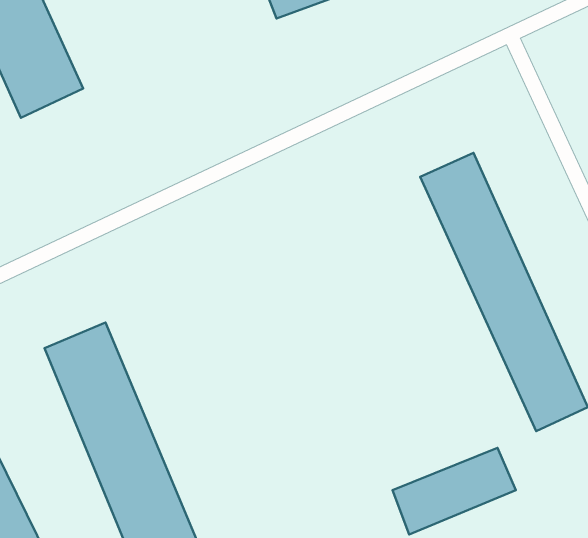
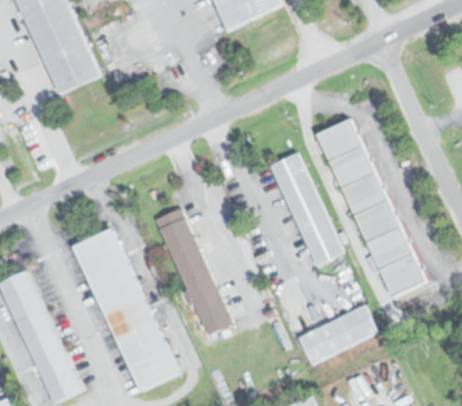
building: none -> [271,152,341,265]
building: none -> [162,215,231,335]

